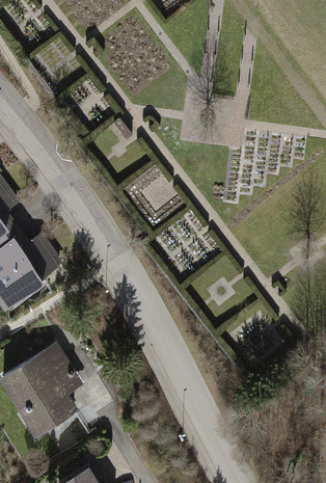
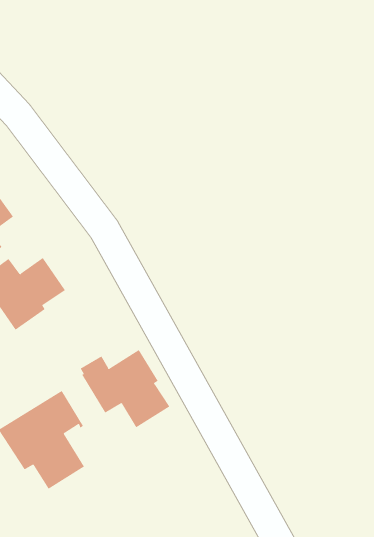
building: none -> [80,349,170,428]

